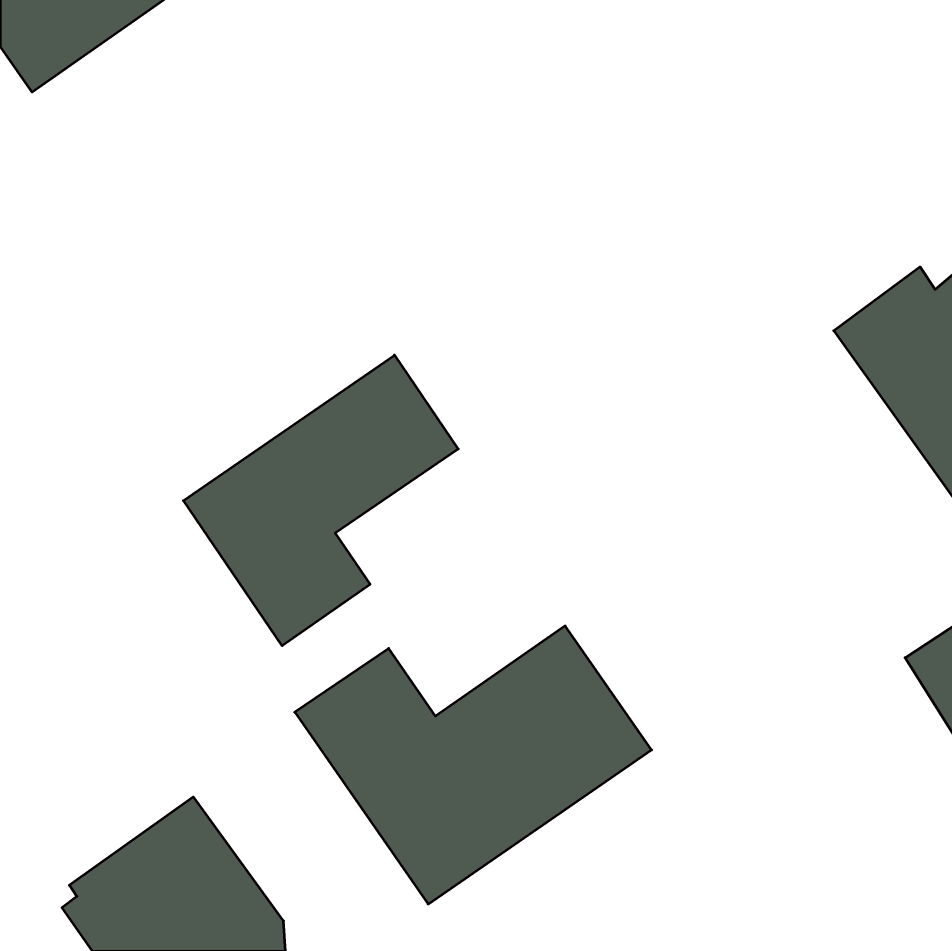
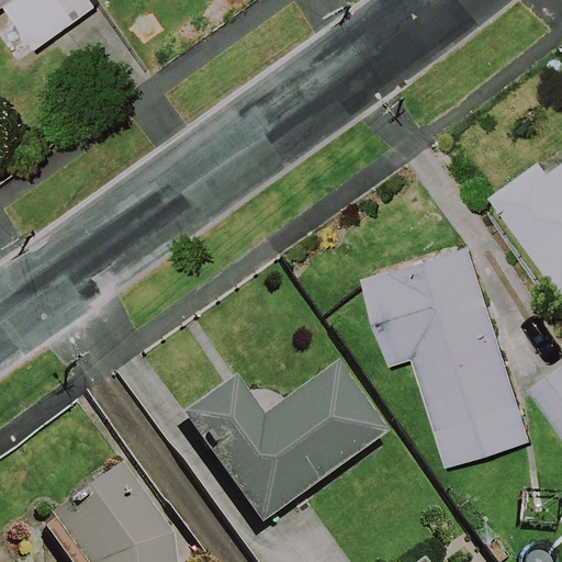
building: [183,355,458,646] -> none
building: none -> [364,244,533,464]

